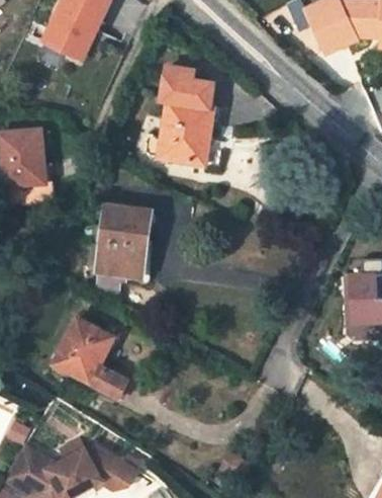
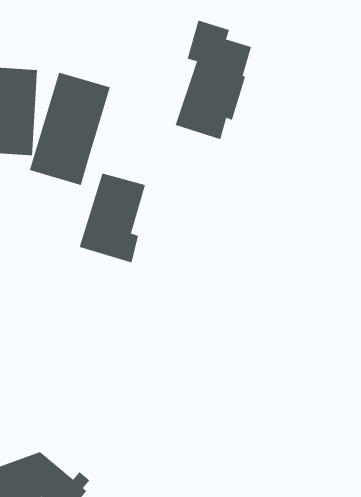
building: none -> [29,72,111,186]
building: [54,318,125,396] -> none

